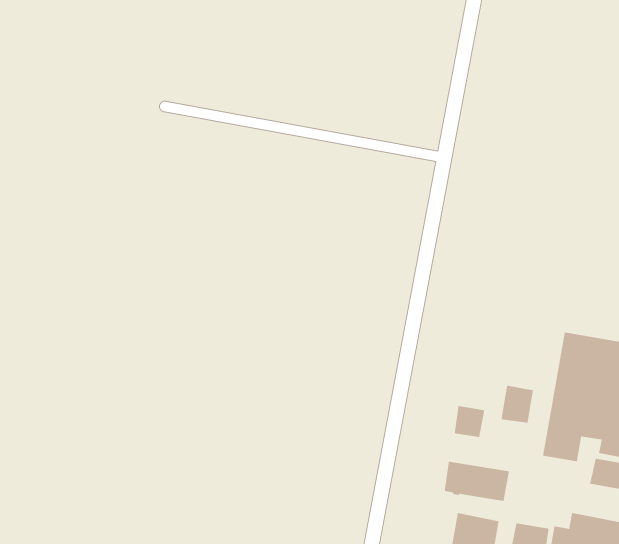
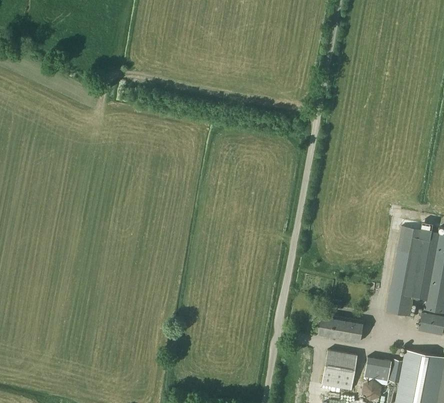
building: [500,385,534,423] -> none
building: [454,405,485,438] -> none

